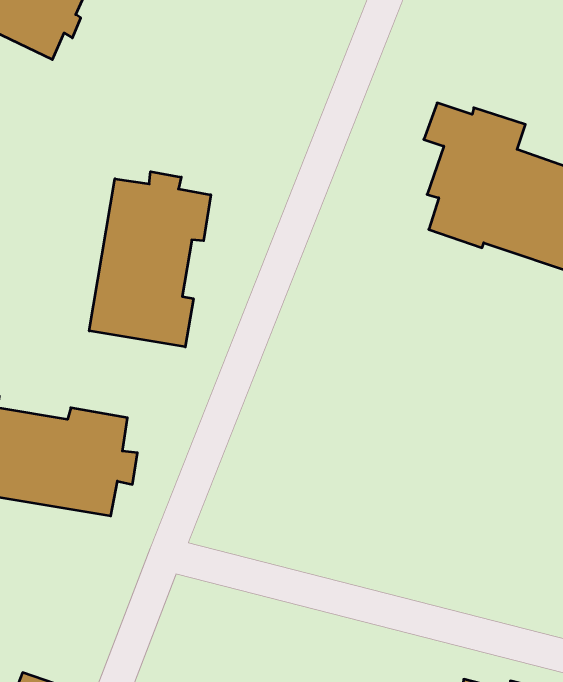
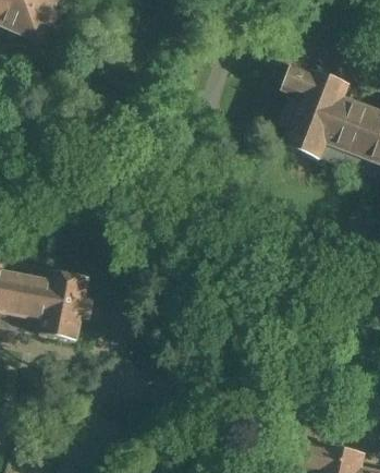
building: [89,172,211,347] -> none

